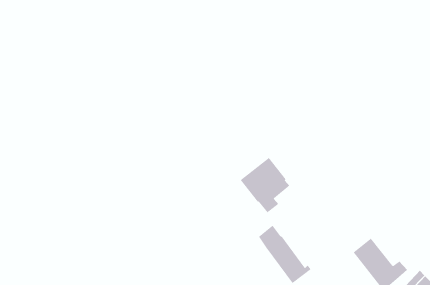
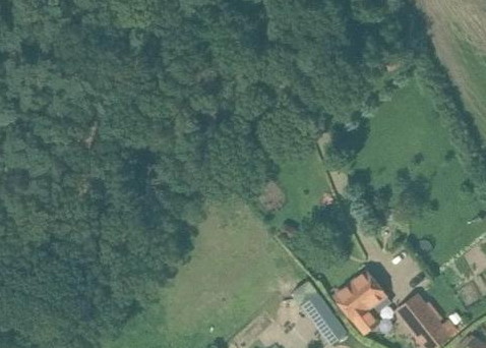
building: [240,157,290,213] -> [333,271,389,333]

